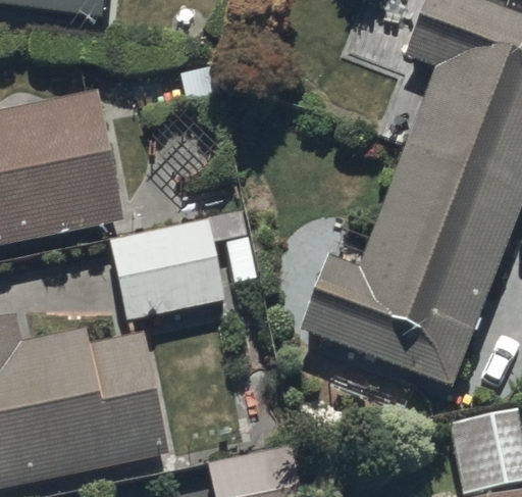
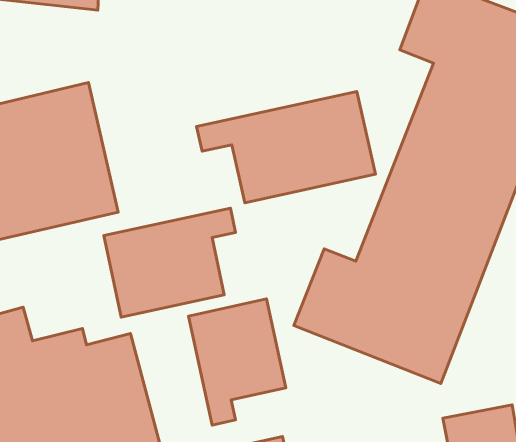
building: none -> [196,91,376,203]
building: none -> [188,299,286,425]

